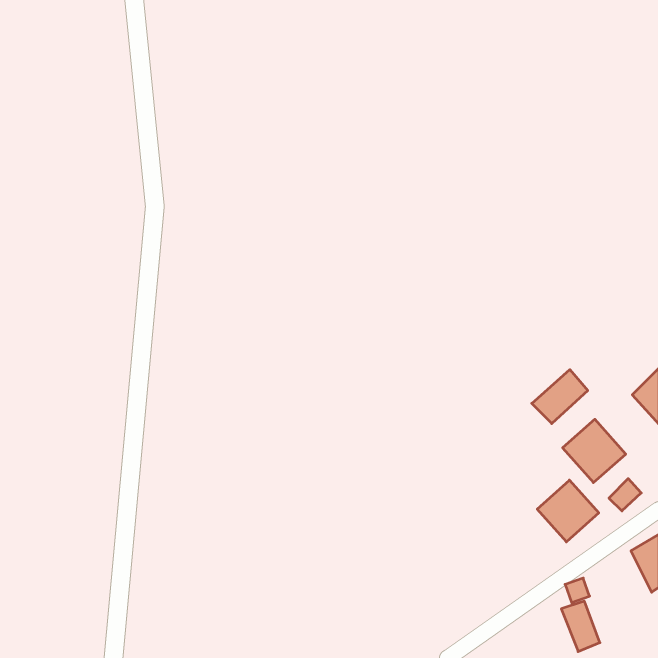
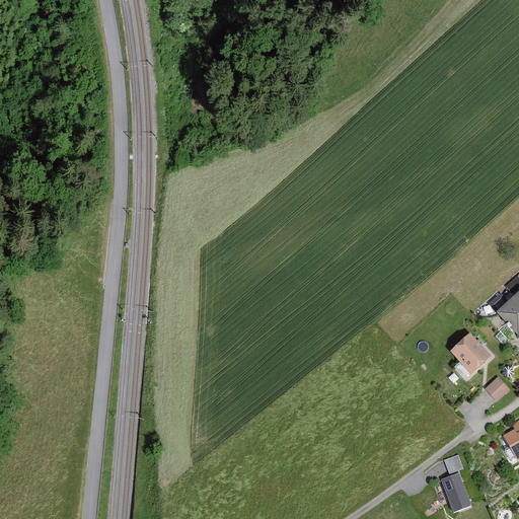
building: [532,370,588,424] -> none
building: [537,480,599,542] -> none

